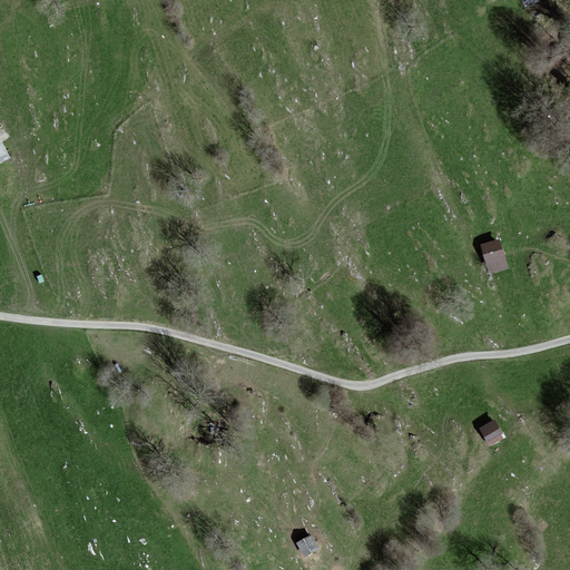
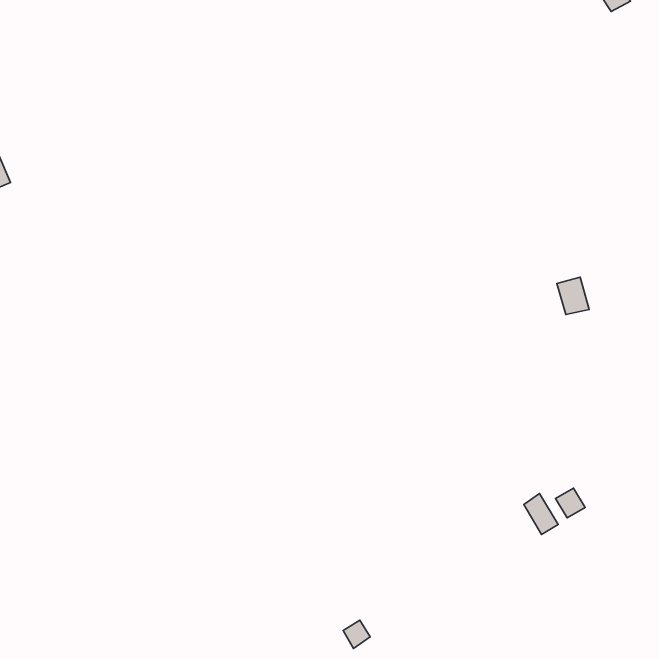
building: none -> [524,494,558,534]

